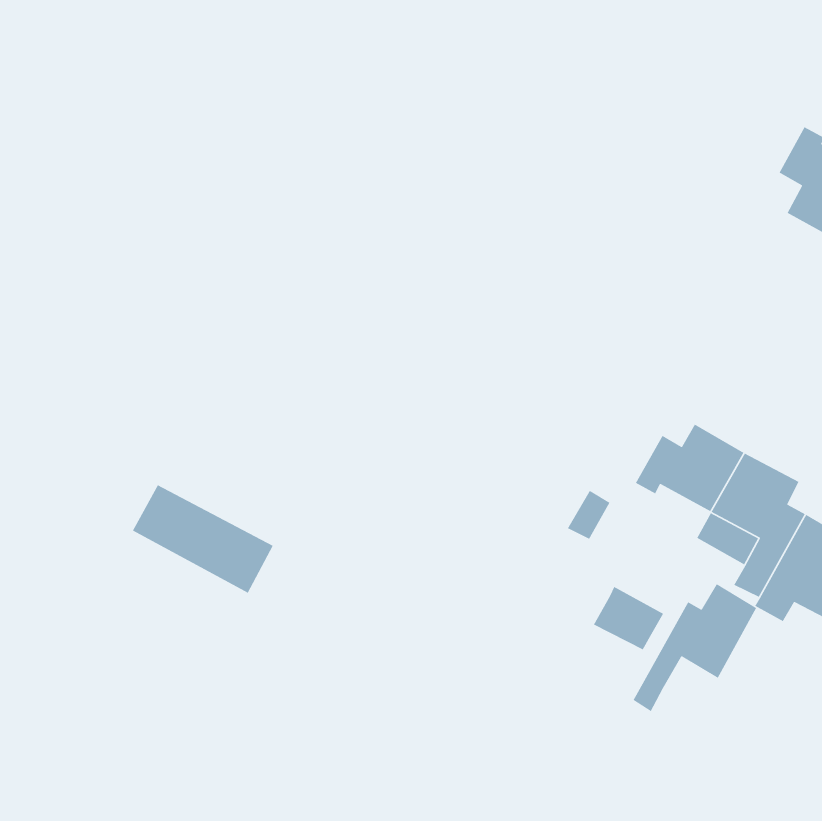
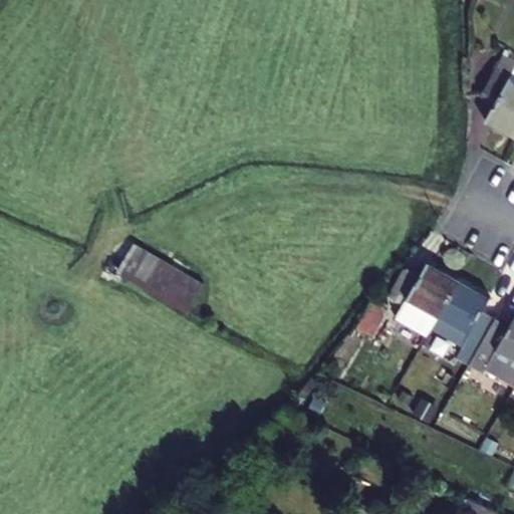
building: [132,484,274,594] -> [117,244,206,312]
building: [633,583,757,712] -> none
building: [593,586,664,651] -> [400,304,444,344]

